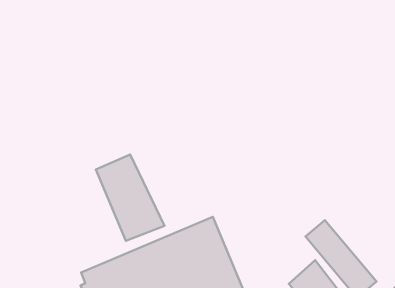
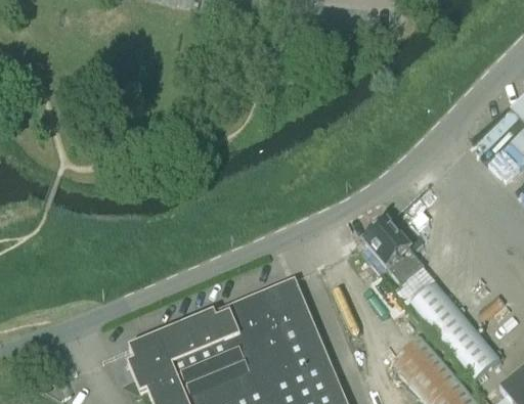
building: [96,155,165,241] -> none
building: none -> [359,218,423,282]

